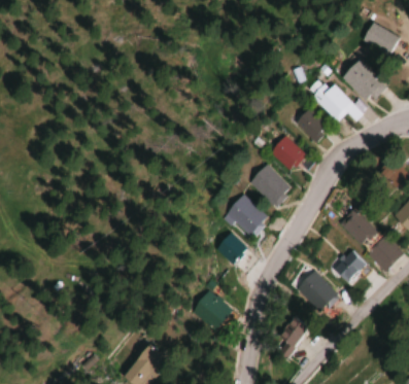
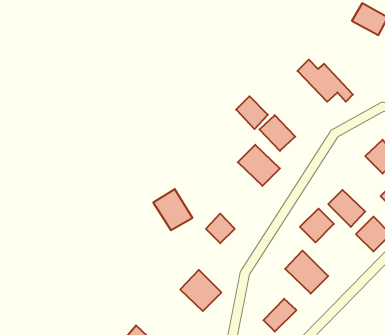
building: [343,59,386,102] -> none
building: [297,108,329,141] -> [236,96,268,129]
building: [228,195,267,236] -> [153,189,192,230]
building: [334,250,368,284] -> [300,209,334,242]

